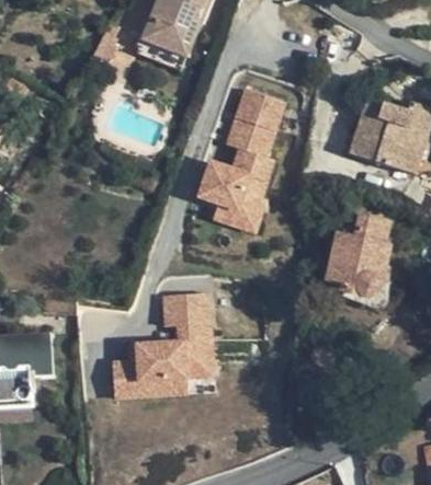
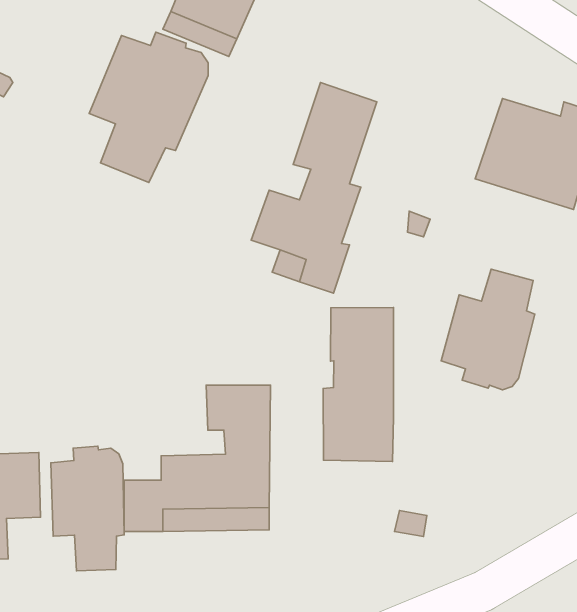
building: none -> [89,32,208,183]
building: none -> [323,307,393,461]
building: none -> [51,446,124,571]

